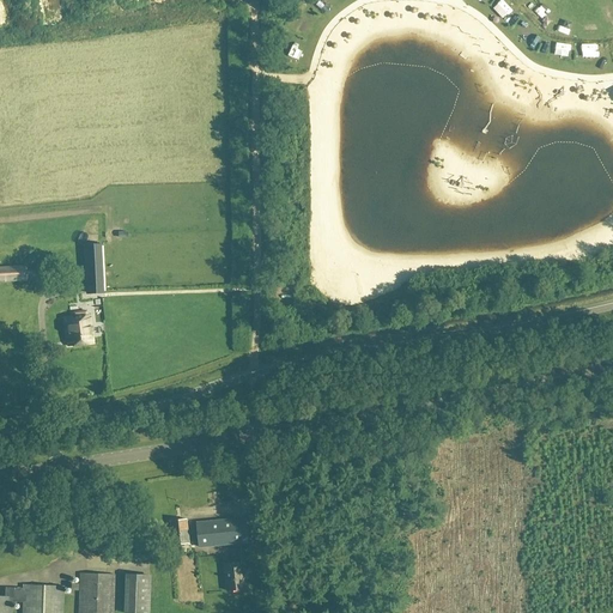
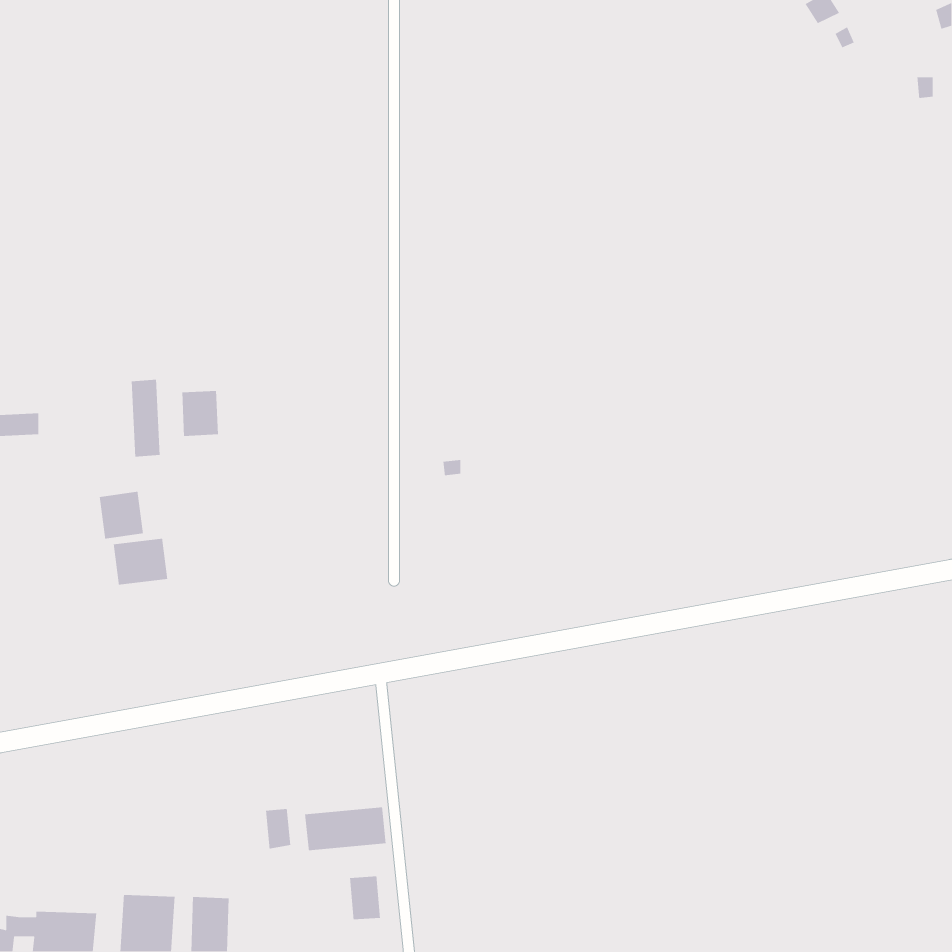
building: none -> [182,390,219,437]
building: none -> [113,538,168,585]

